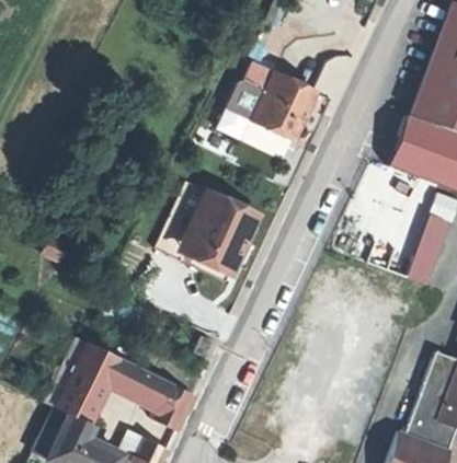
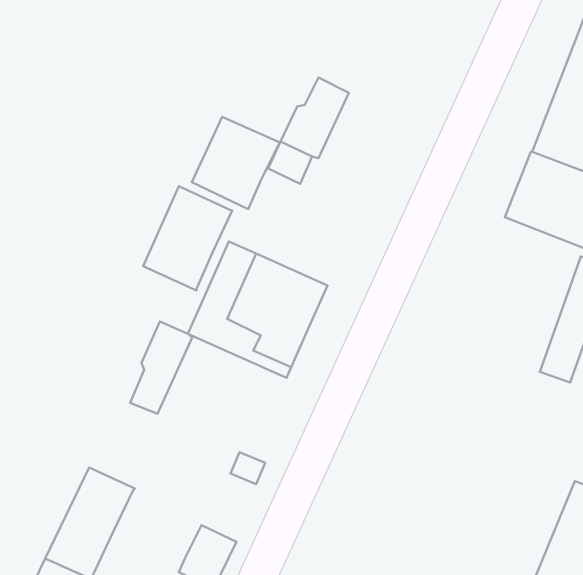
building: [253,73,317,140] -> [192,117,280,209]
building: none -> [143,186,232,291]
building: none -> [130,321,192,414]
building: [105,360,169,409] -> none

